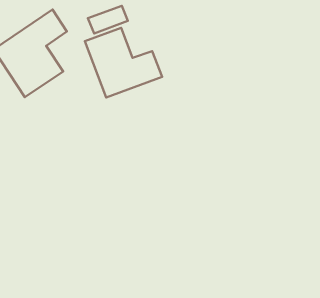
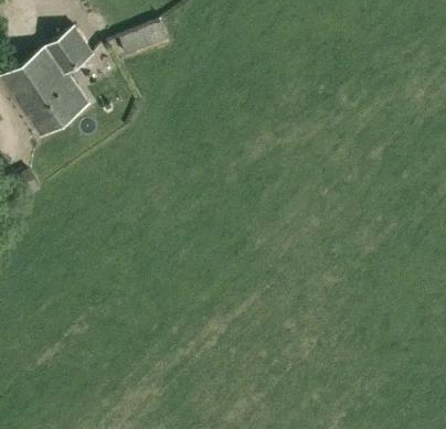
building: [85,28,162,98] -> none

